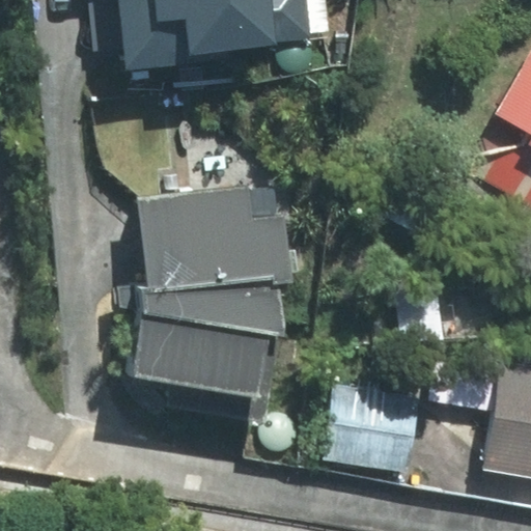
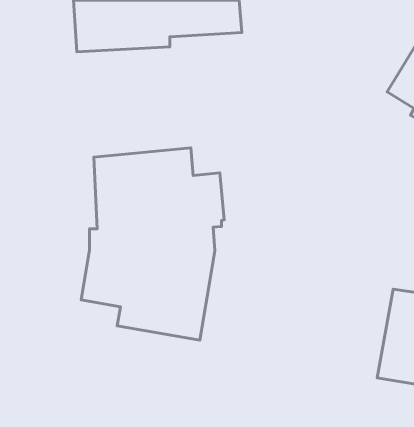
building: [332,387,428,471] -> none

